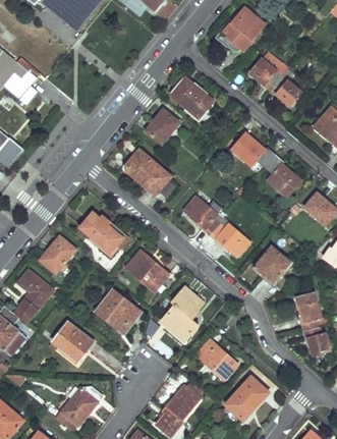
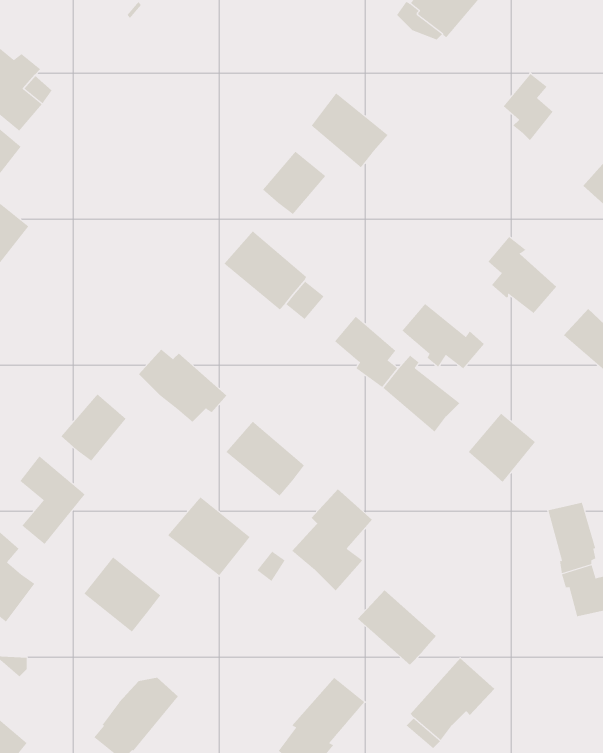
building: [249,52,287,86] -> none
building: [231,132,275,167] -> [402,303,485,369]

